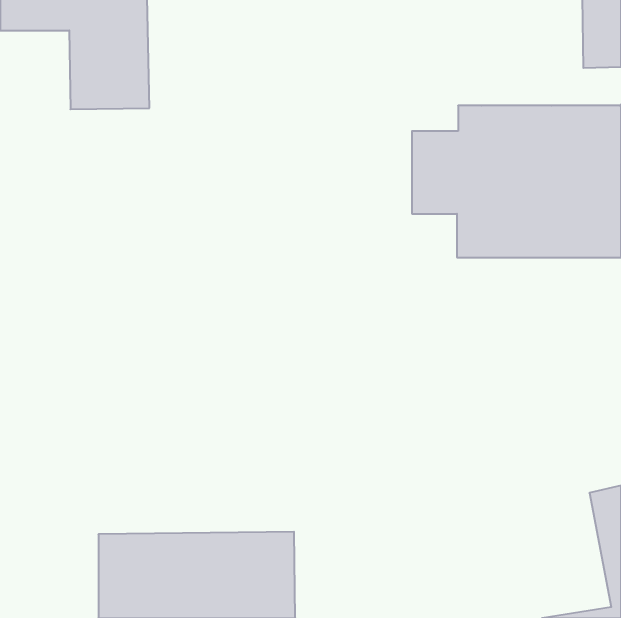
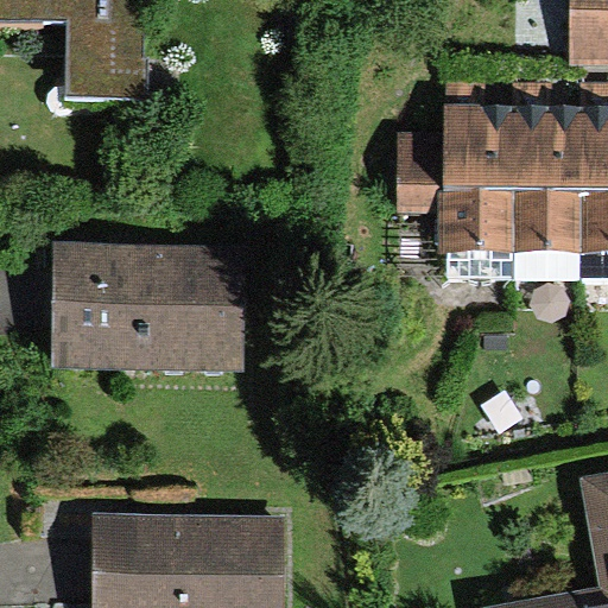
building: none -> [52,248,243,373]

